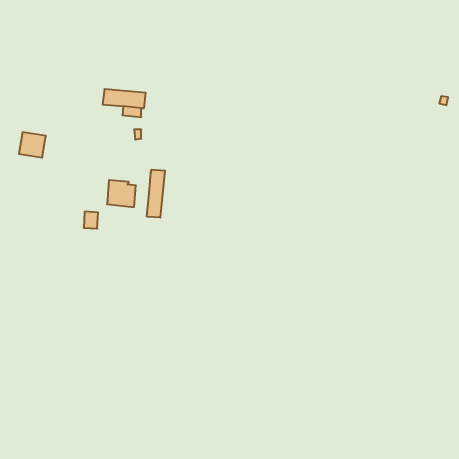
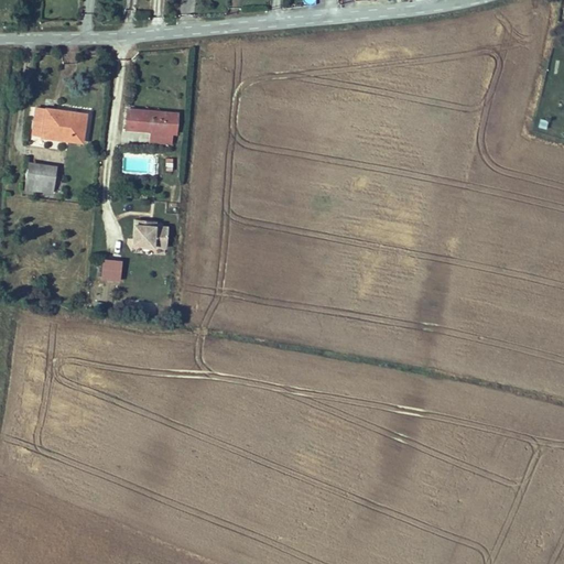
building: none -> [35,108,88,138]
building: [147,170,165,218] -> none

